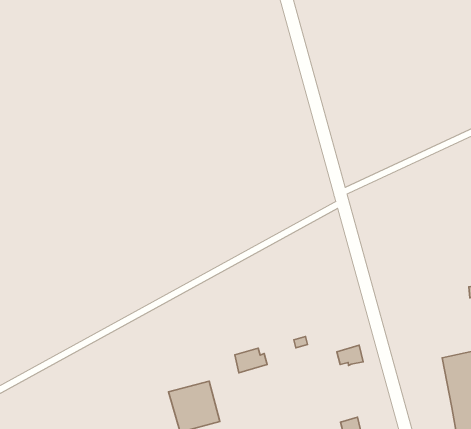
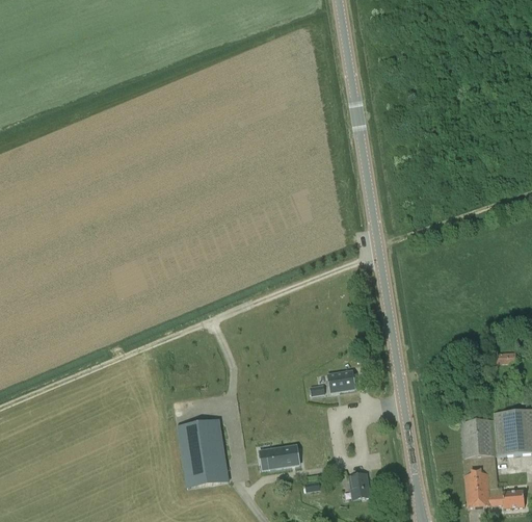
building: [337,345,363,366] -> [328,371,354,391]
building: [235,348,267,373] -> [267,446,299,469]

